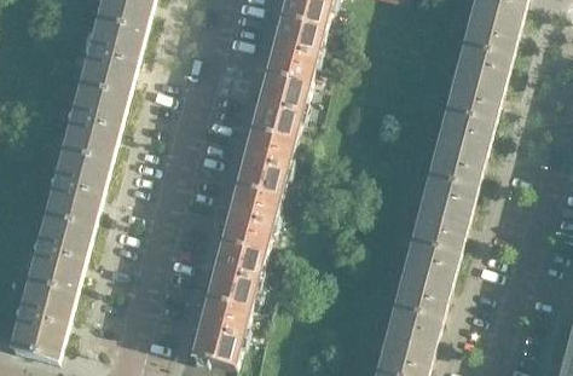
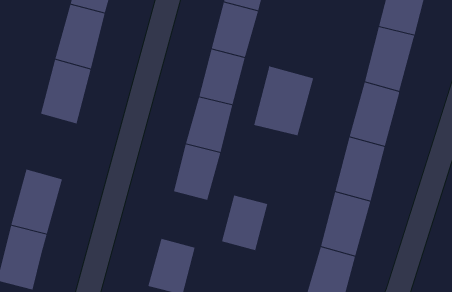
building: none -> [253,65,314,136]
building: [47,150,108,227] -> none
building: [207,242,262,308] -> [221,195,268,251]

